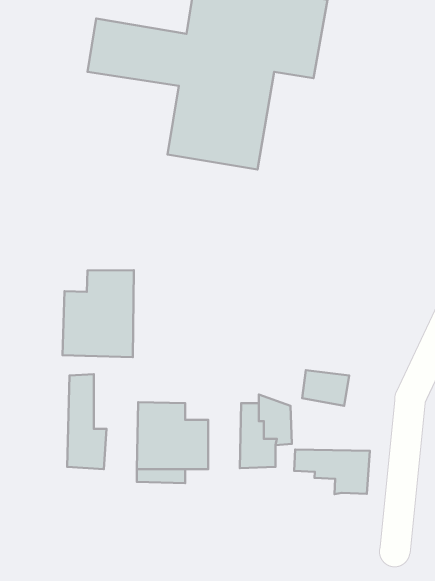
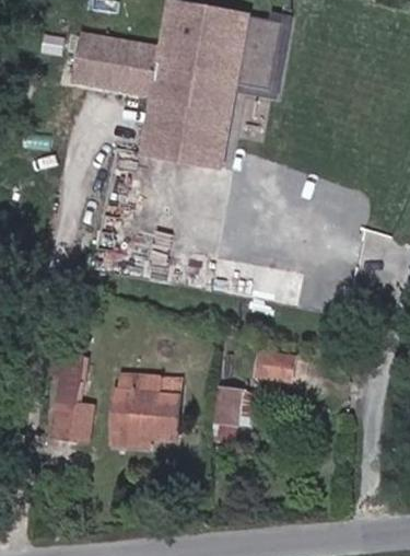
building: [63,270,134,357] -> none
building: [294,449,370,494] -> none

